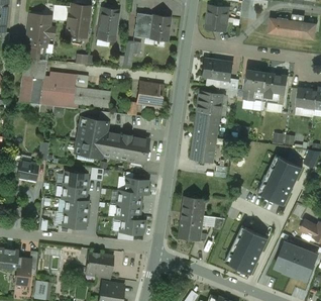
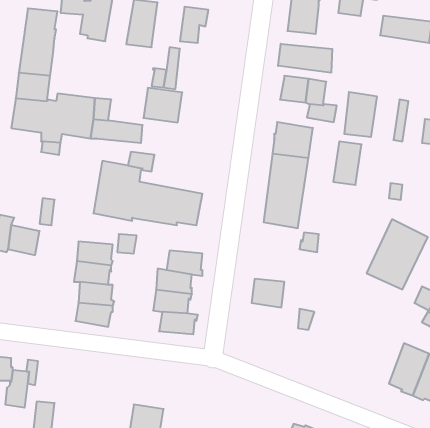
building: [145,14,171,46] -> none
building: none -> [278,44,332,73]
building: [262,74,282,103] -> [333,141,362,185]
building: [136,83,163,106] -> [143,88,182,122]
building: [178,213,202,240] -> none
building: [226,227,268,274] -> none
building: [85,253,113,278] -> none

